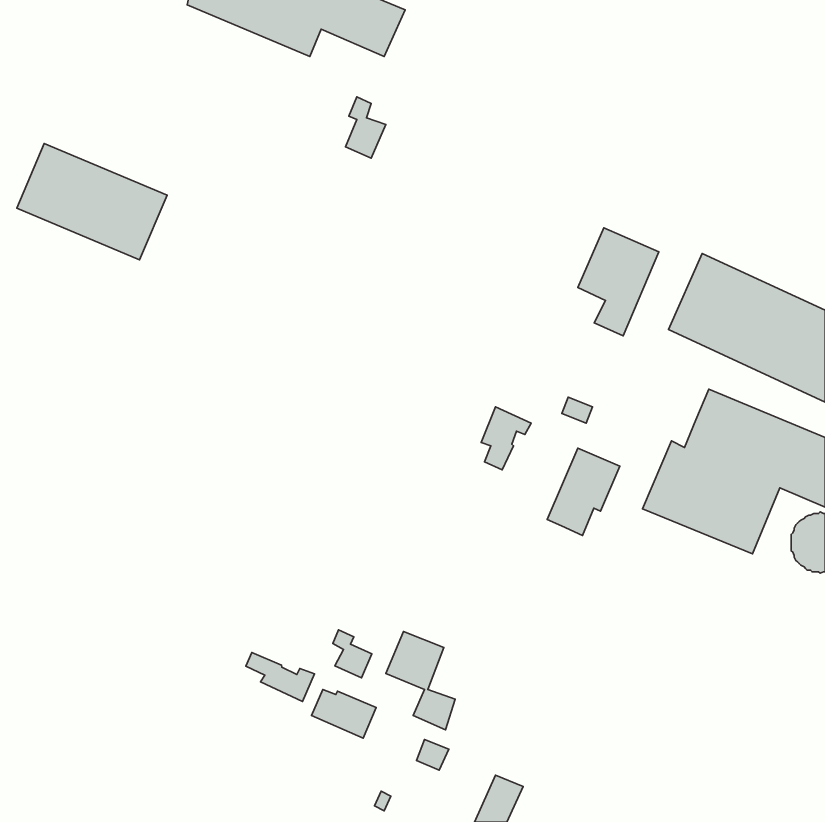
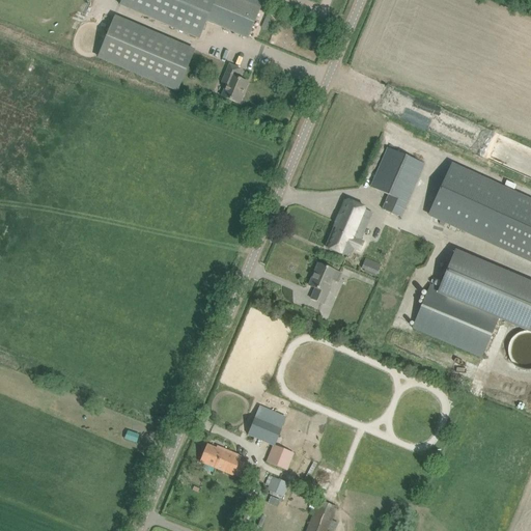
building: [17,143,167,260] -> [97,15,194,89]
building: [547,448,620,536] -> [326,199,372,255]
building: [333,630,372,678] -> none
building: [246,652,315,701] -> none

